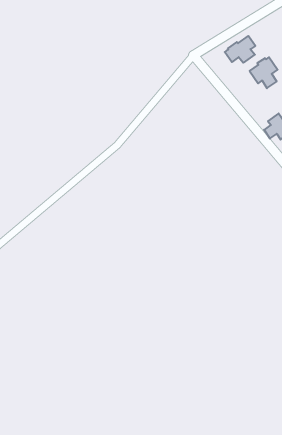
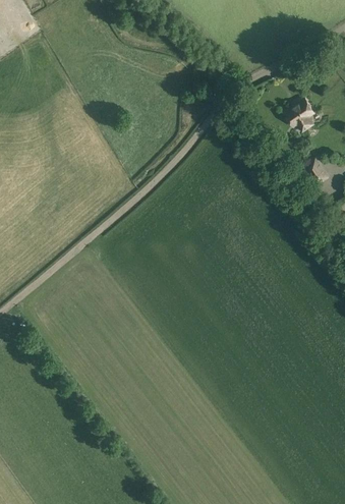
building: [225,36,255,63] -> none

